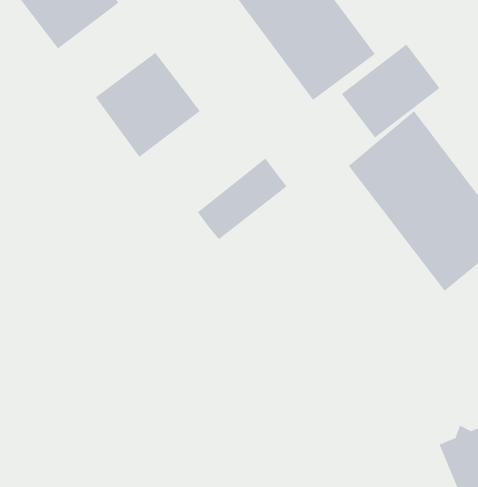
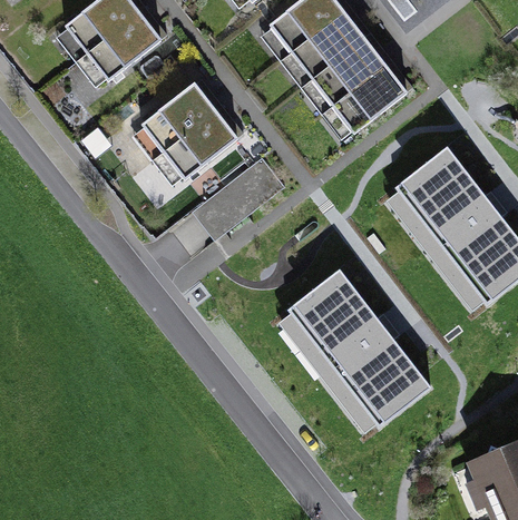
building: [341,44,441,138] -> none
building: [197,157,288,240] -> [193,160,280,239]
building: none -> [276,265,429,436]

